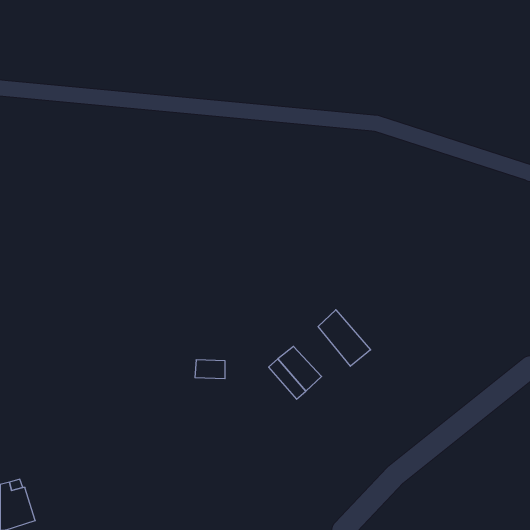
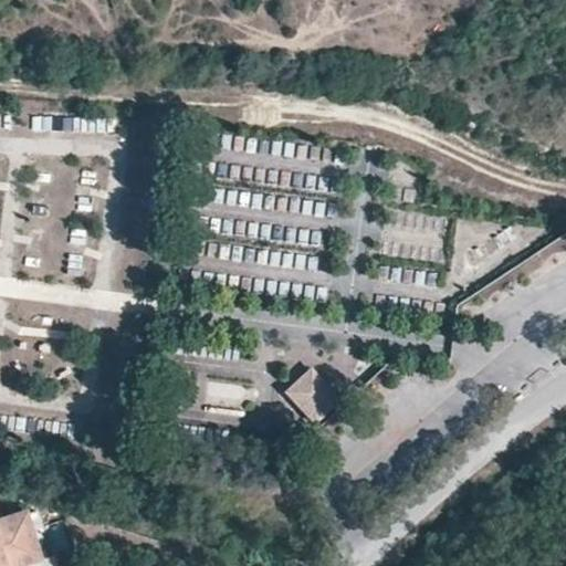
building: [318,310,371,366] -> none

